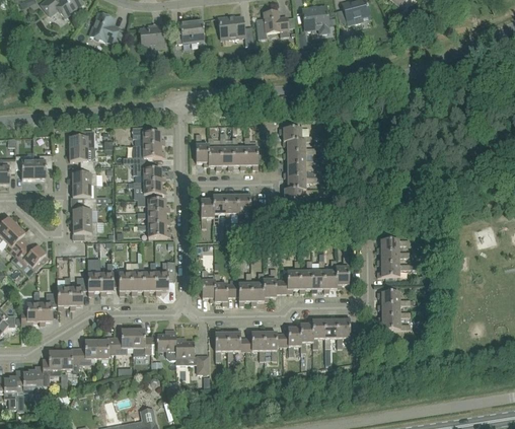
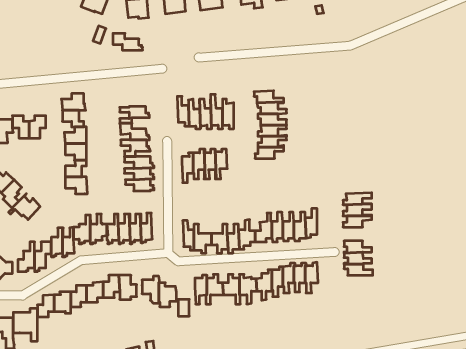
building: [133,126,165,144] -> [113,33,143,50]

